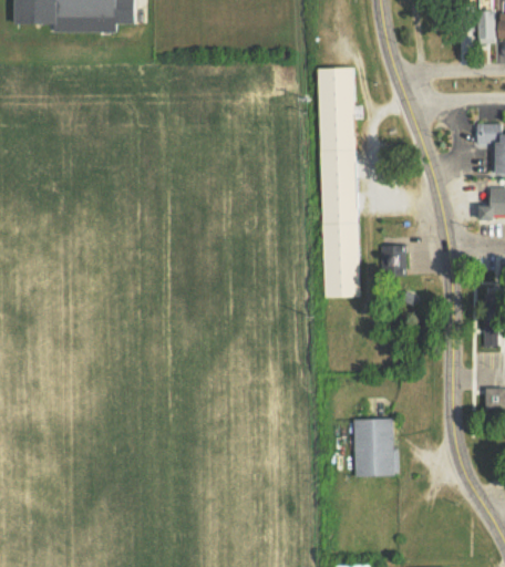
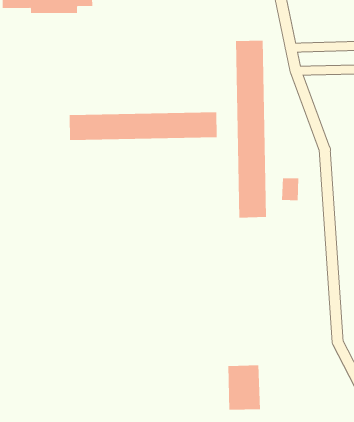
building: none -> [69,112,217,141]
building: [353,417,396,476] -> [228,365,261,410]

